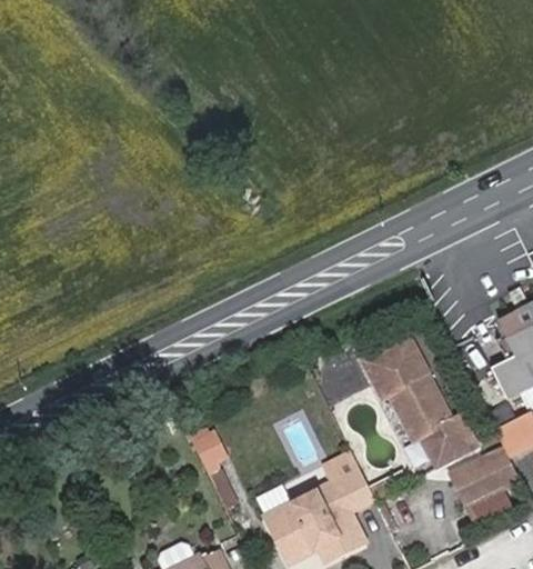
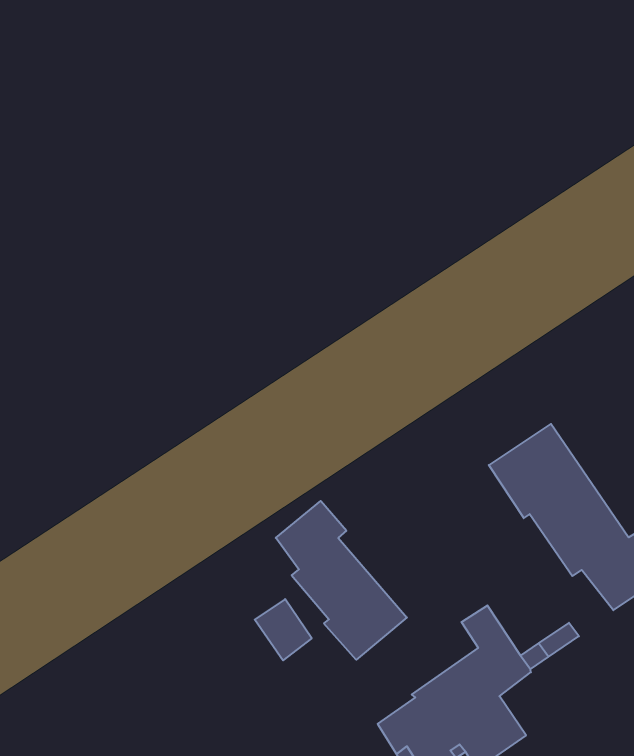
building: none -> [276,501,407,660]

